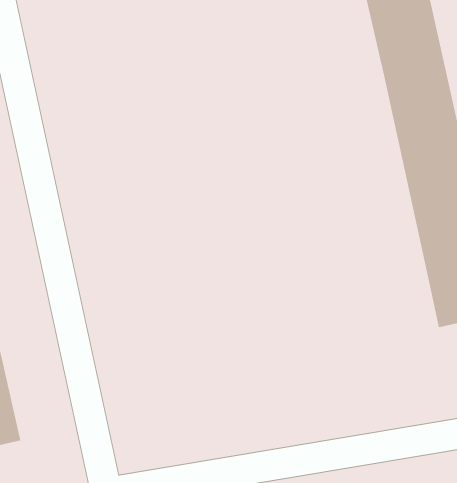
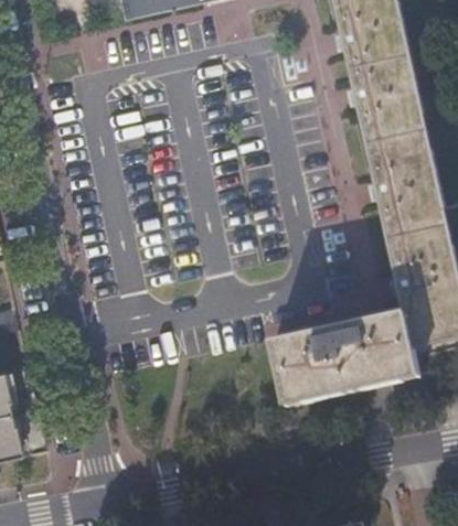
building: none -> [269,312,417,406]

